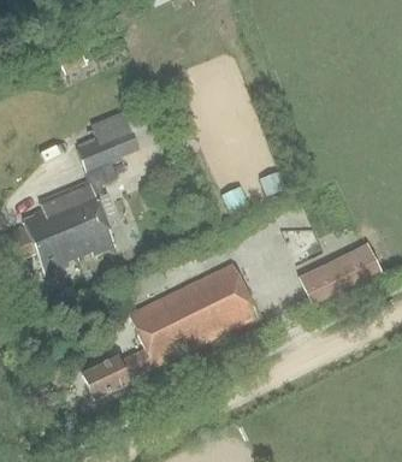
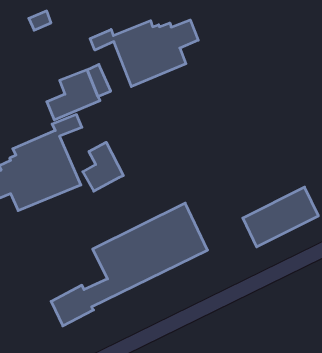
building: none -> [90,20,198,87]
building: none -> [83,142,123,191]

